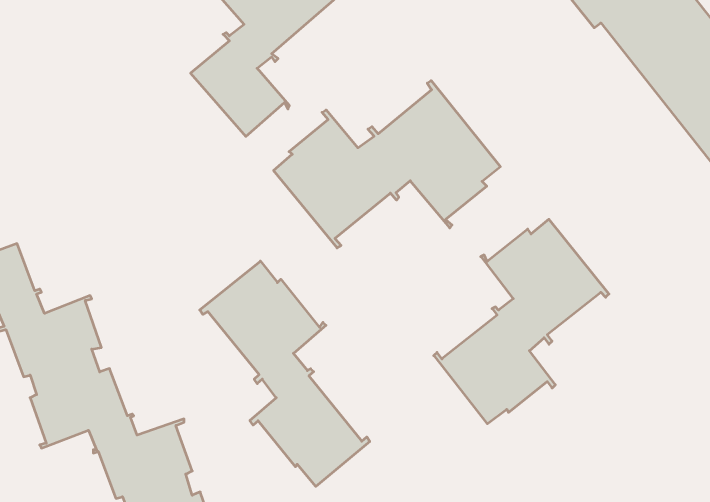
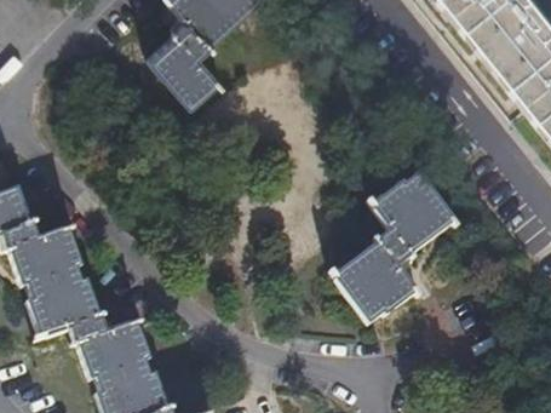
building: [274,81,500,248] -> none
building: [200,261,370,486] -> none

